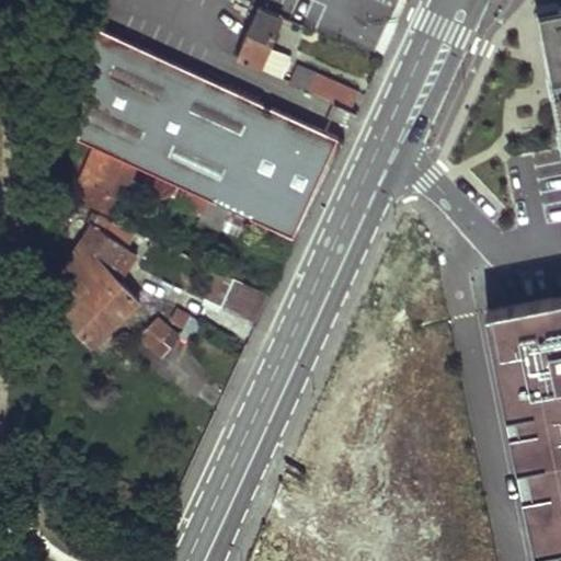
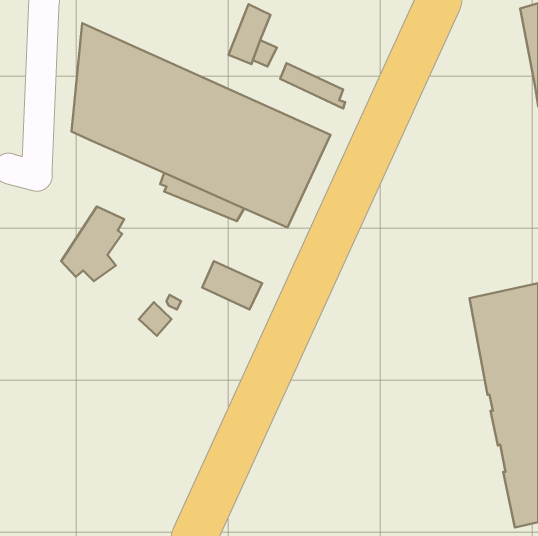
building: [73,149,136,216] -> none
building: [60,274,140,342] -> none

